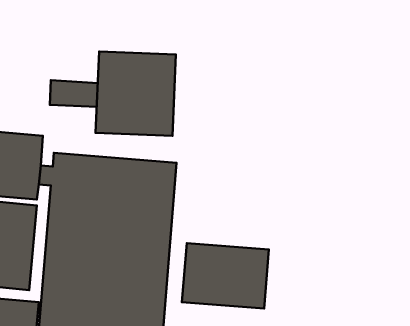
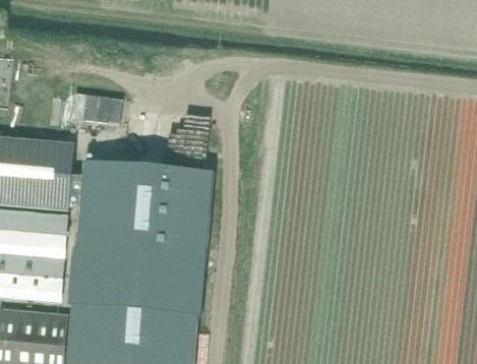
building: [96,52,176,136] -> none
building: [182,243,269,308] -> none

